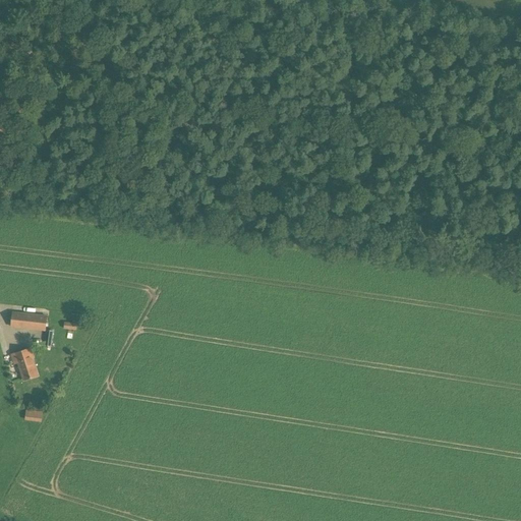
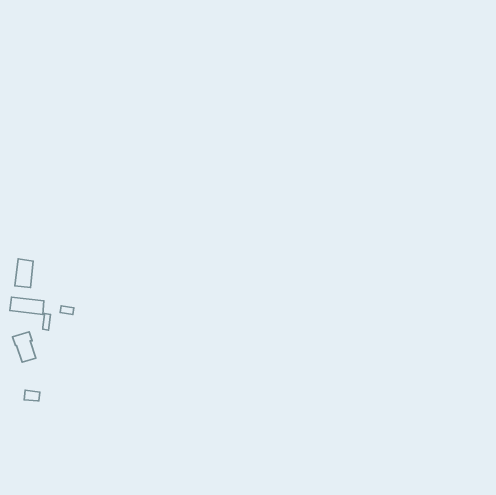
building: none -> [15,259,33,287]

